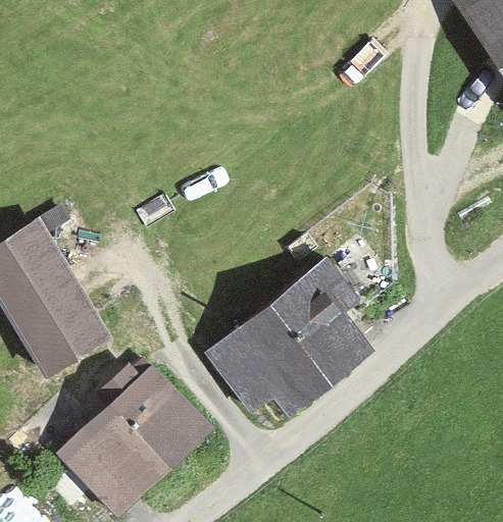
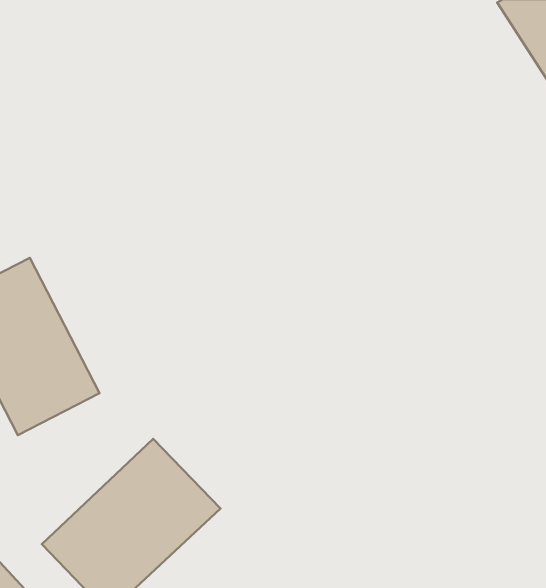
building: [203,245,354,413] -> none

